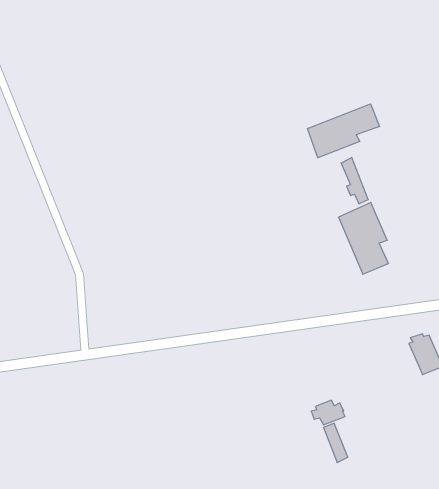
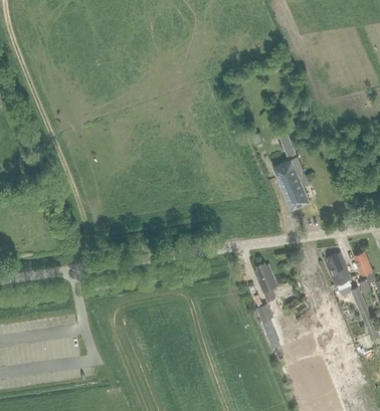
building: [307,104,379,158] -> none
building: none -> [254,262,278,300]

